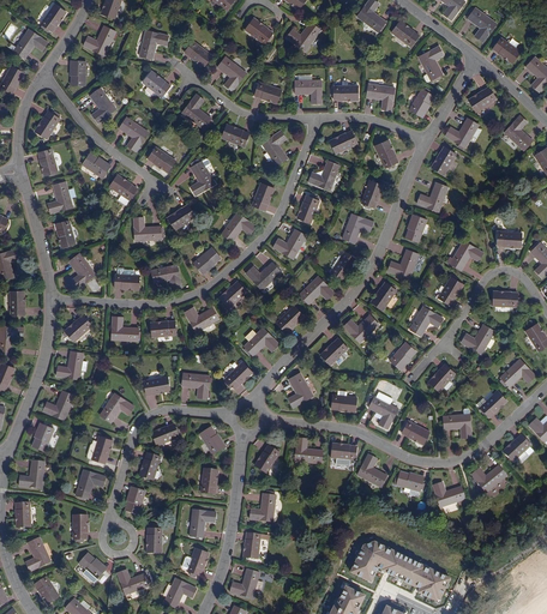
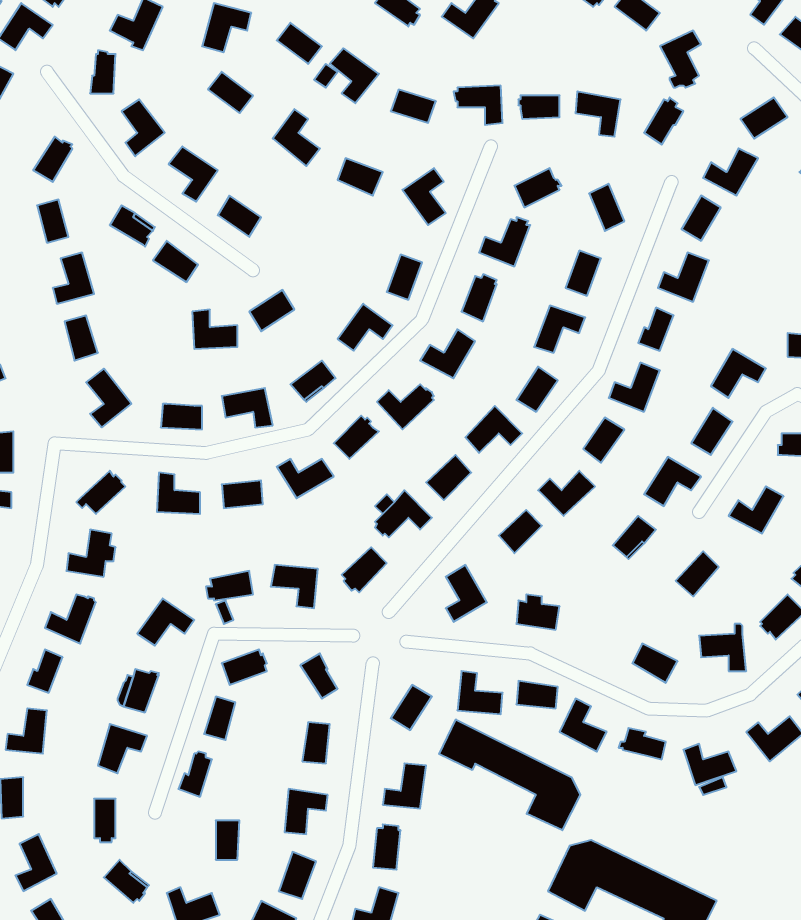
building: [191,158,216,195] -> none
building: [368,392,398,428] -> none
building: none -> [439,719,580,830]

